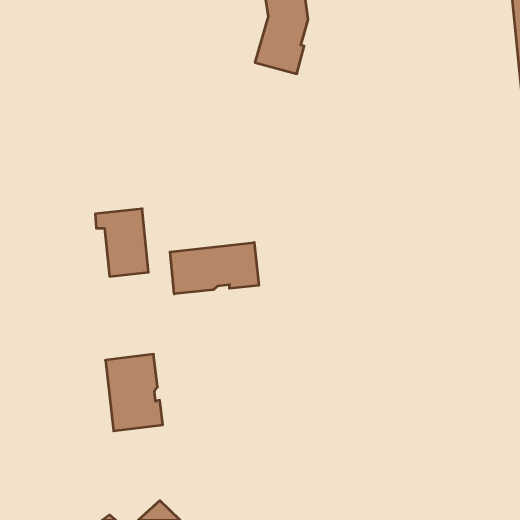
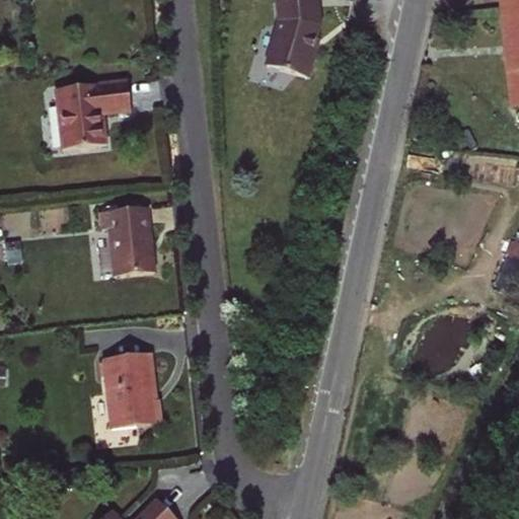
building: none -> [59,78,134,148]
building: [170,242,259,294] -> none

